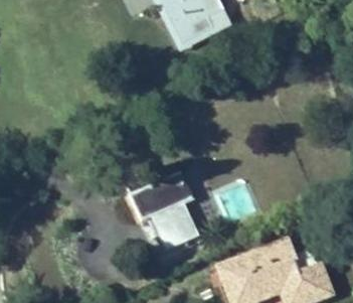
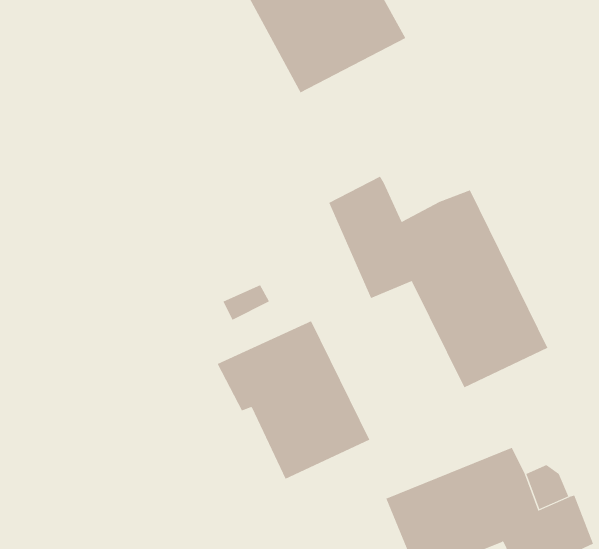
building: none -> [328,176,548,388]

